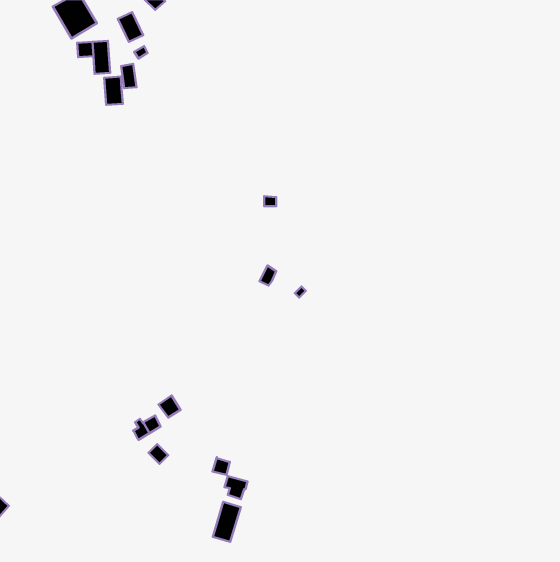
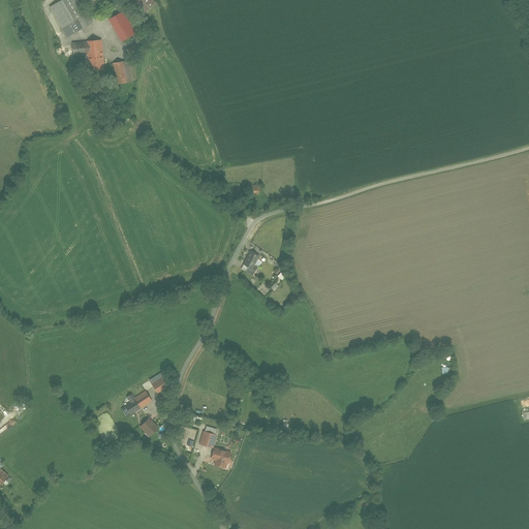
building: [104,77,123,105] -> none
building: [213,502,241,542] -> none

